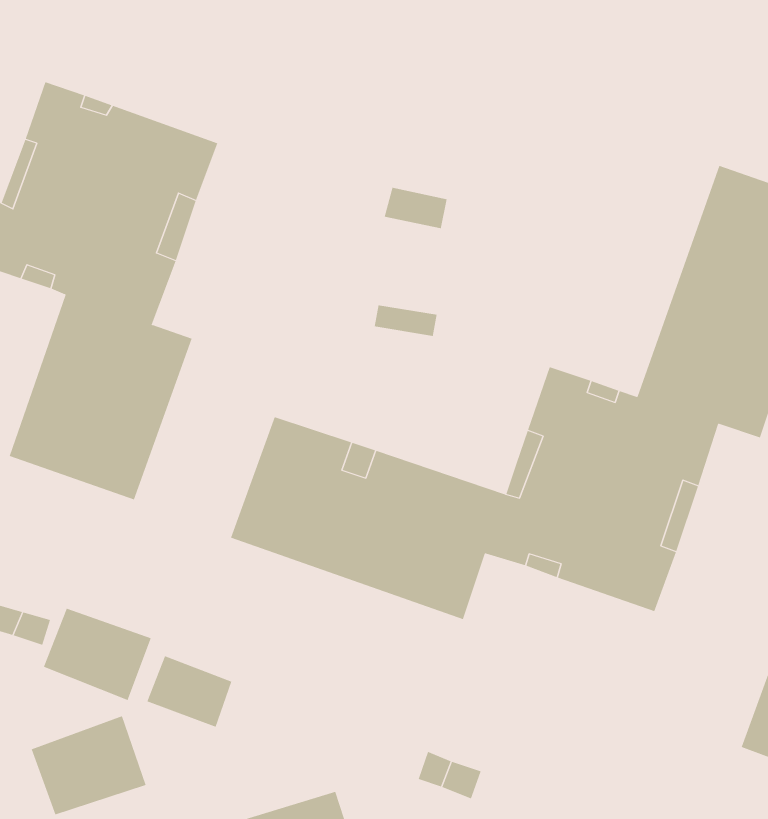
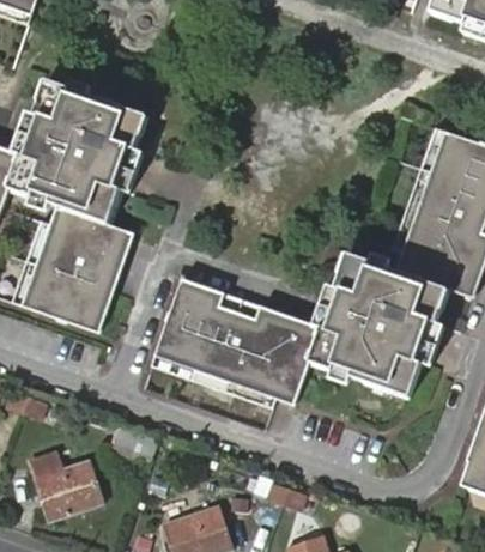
building: [43,608,151,701] -> none

